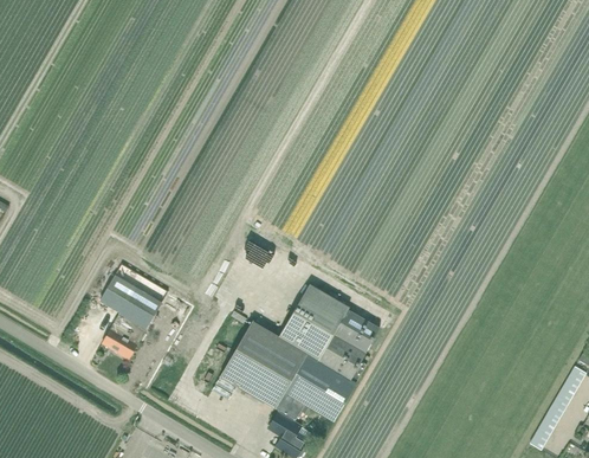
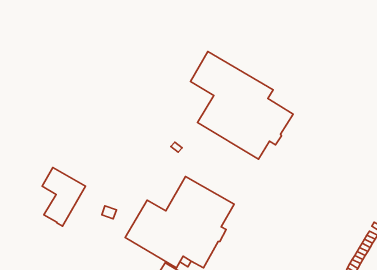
building: none -> [190,51,293,159]

